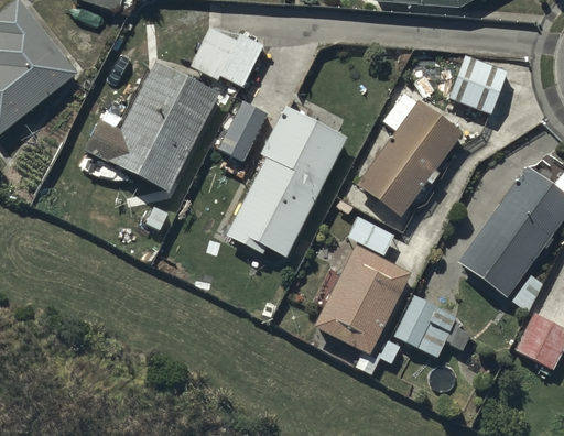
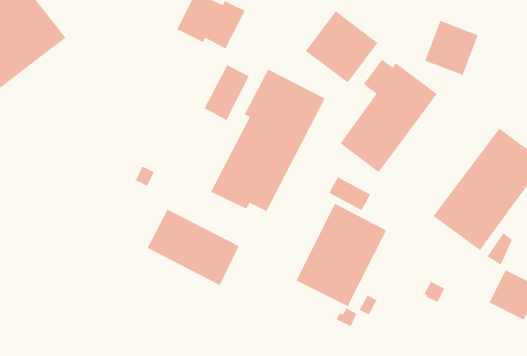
building: none -> [305,10,378,84]
building: [87,61,220,192] -> none
building: none -> [147,209,240,286]
building: [395,297,457,357] -> none

